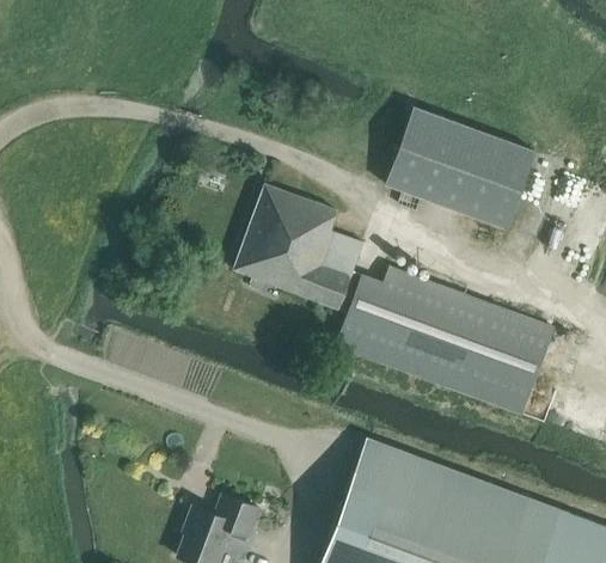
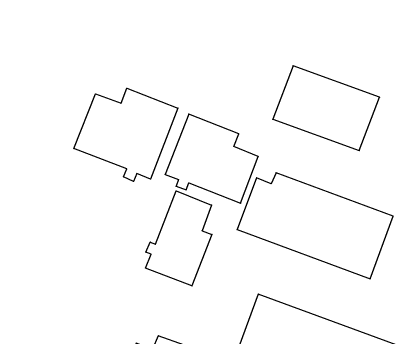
building: none -> [74,88,178,181]
building: none -> [146,191,212,286]

